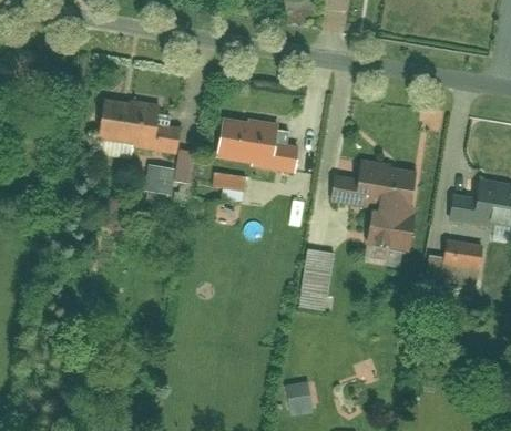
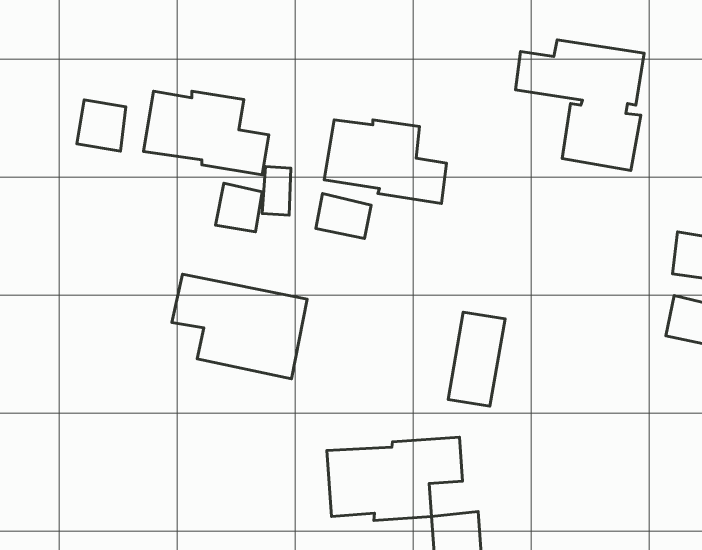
building: none -> [77,100,126,151]
building: [331,168,417,255] -> [515,40,644,170]
building: none -> [172,274,307,379]
building: none -> [327,437,463,520]

